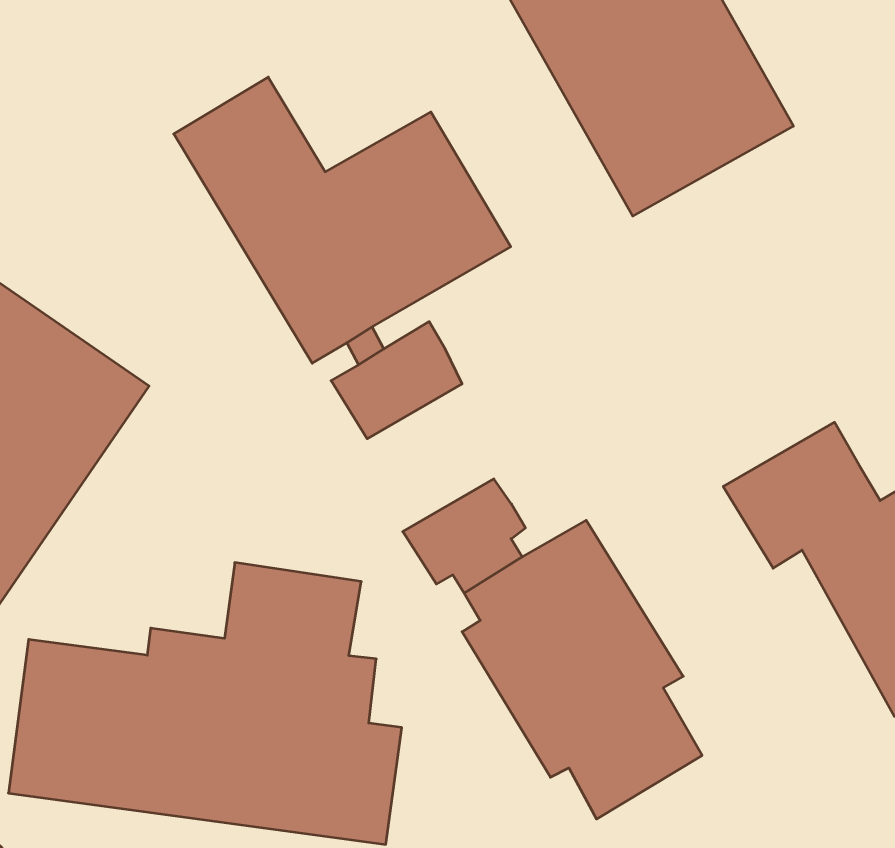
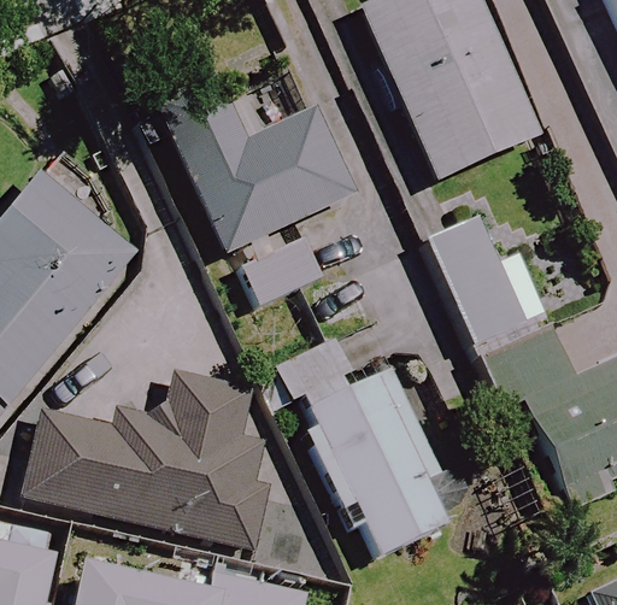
building: none -> [429,213,553,353]

